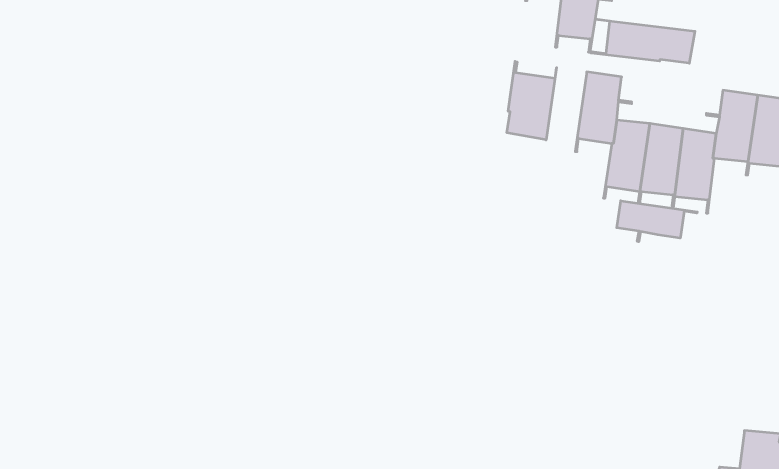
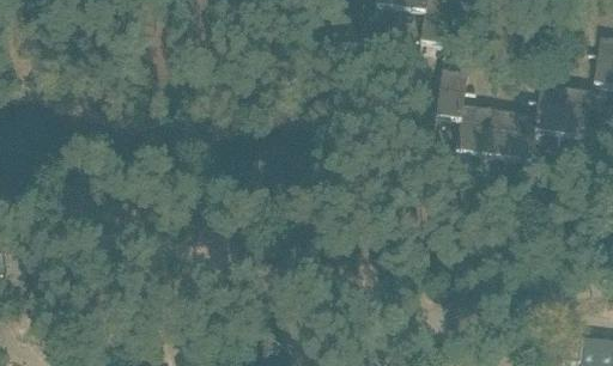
building: [591,19,695,63] -> none
building: [507,61,557,140] -> none
building: [617,201,697,242] -> none

